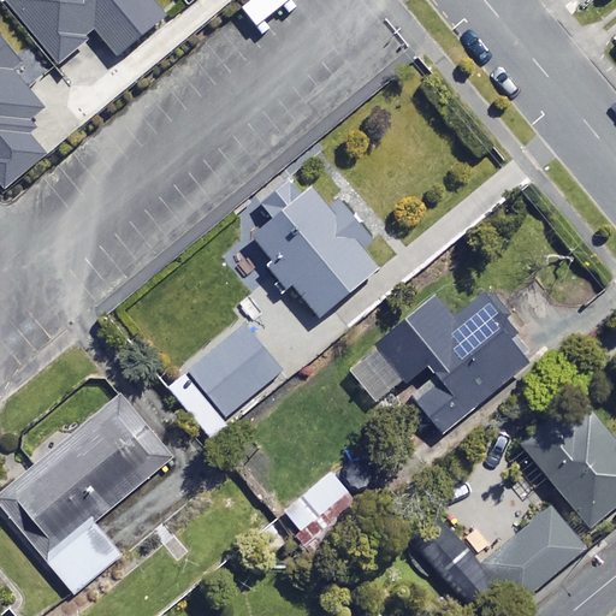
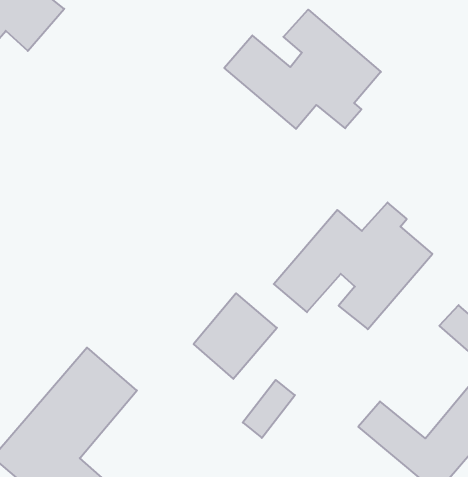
building: none -> [224,10,381,129]
building: [253,178,383,318] -> none
building: [186,324,282,417] -> [194,293,277,379]

